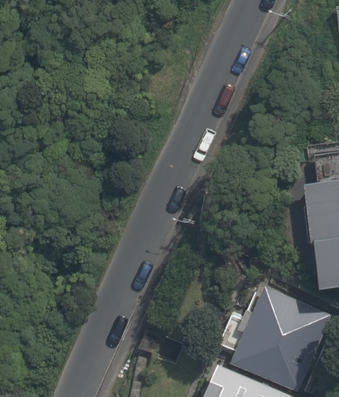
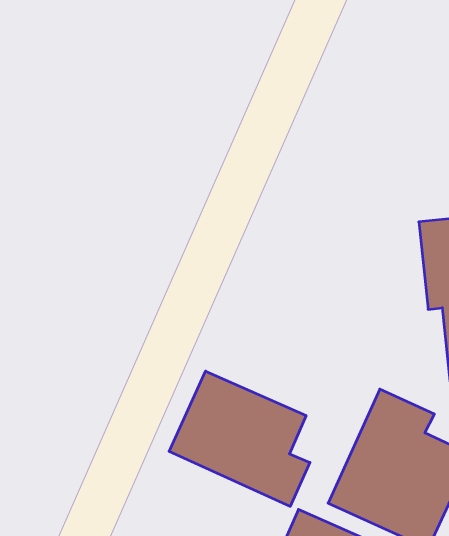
building: none -> [169,371,310,506]

